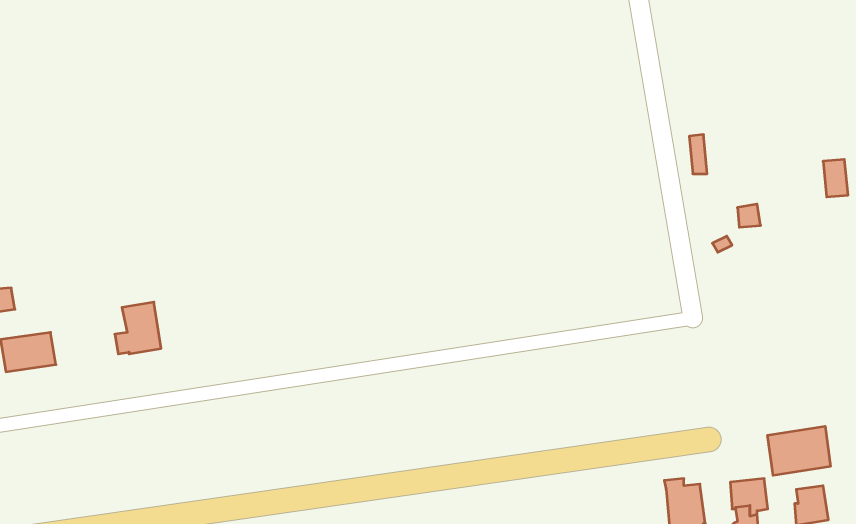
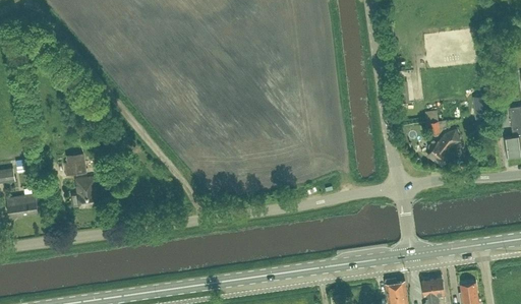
building: none -> [427,132,453,164]
building: none -> [64,154,86,176]
building: [768,426,830,475] -> none

